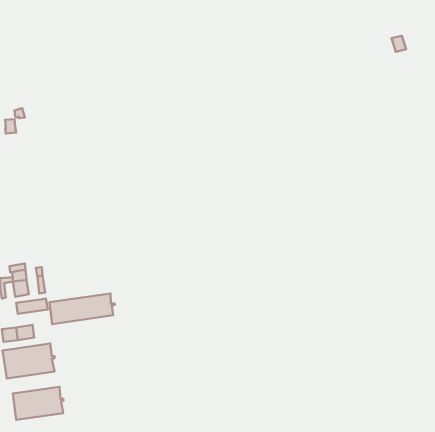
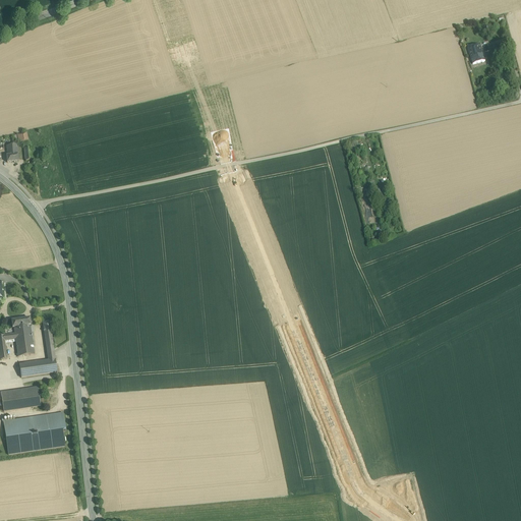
building: [49,293,115,324] -> none
building: [13,387,64,420] -> none

